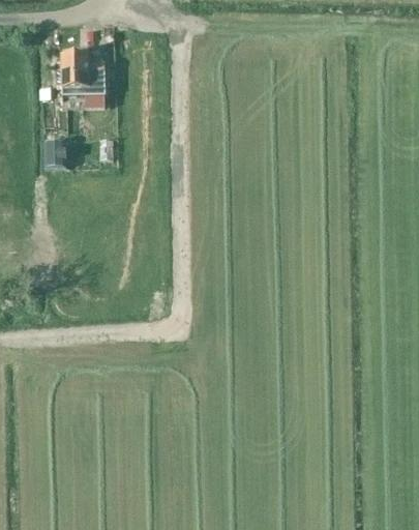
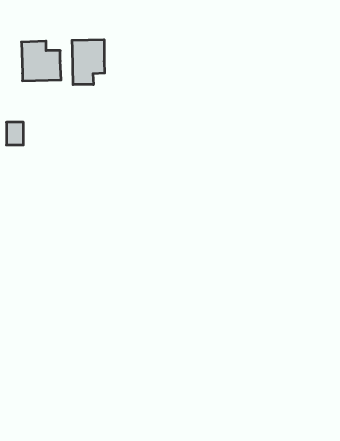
building: none -> [72,40,105,85]

